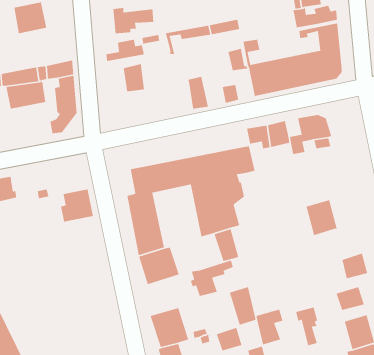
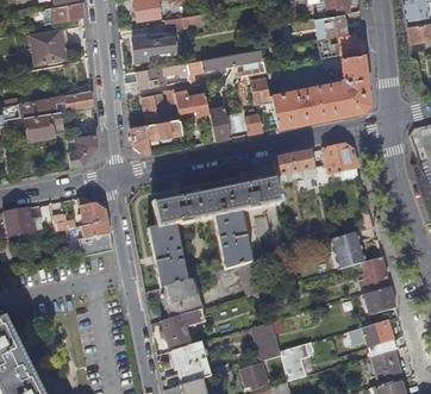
building: none -> [175,85,211,113]
building: none -> [131,117,187,151]
building: none -> [77,195,108,225]
building: none -> [361,256,388,284]
building: [190,260,234,297] -> [160,308,205,346]
building: [295,307,318,346] -> none

